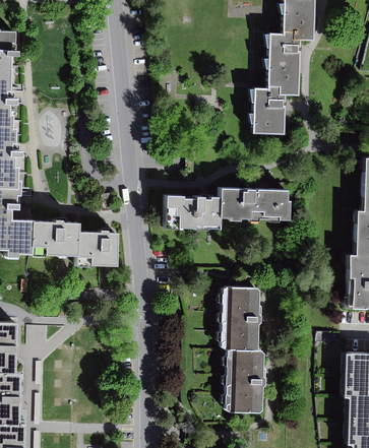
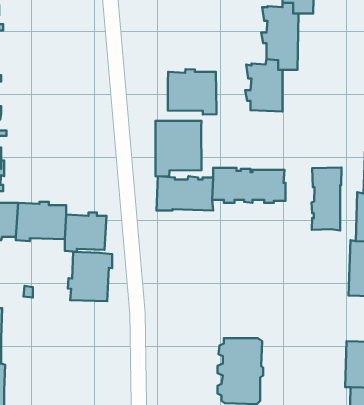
building: none -> [168,69,217,115]
building: none -> [155,121,201,177]
building: none -> [311,167,342,231]
building: none -> [68,252,112,301]
building: [218,286,261,349] -> none

